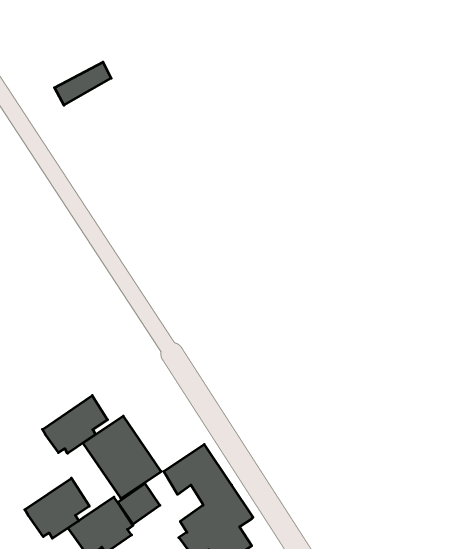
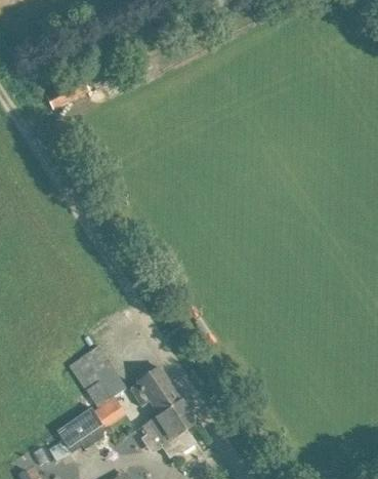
building: [42,395,108,453] -> none
building: [25,478,89,538] -> none

